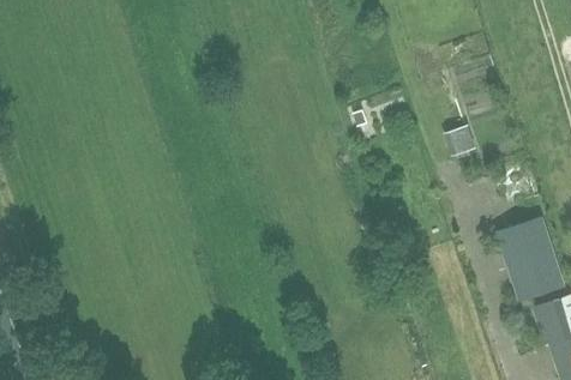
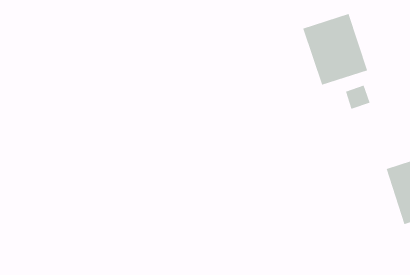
building: none -> [303,13,368,86]

